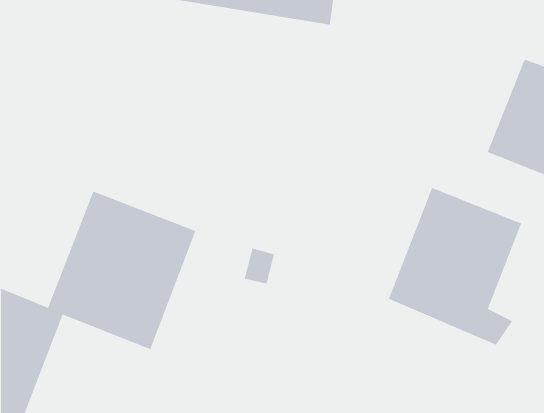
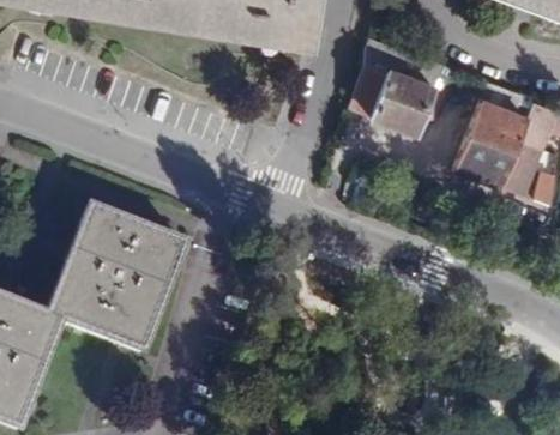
building: none -> [351,40,453,137]
building: [388,187,522,345] -> none

